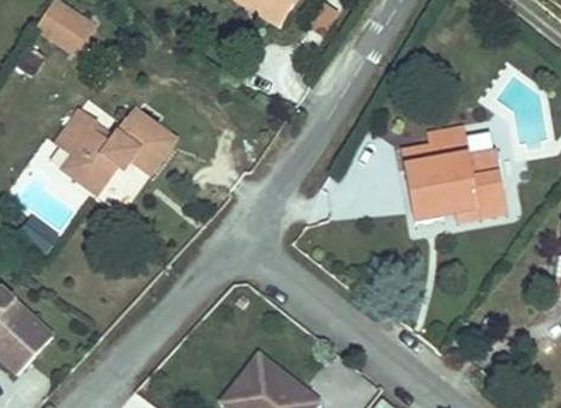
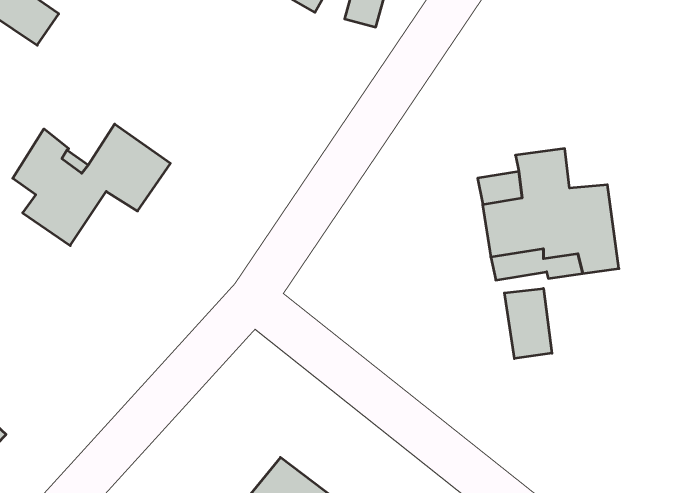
building: none -> [504,288,552,359]

